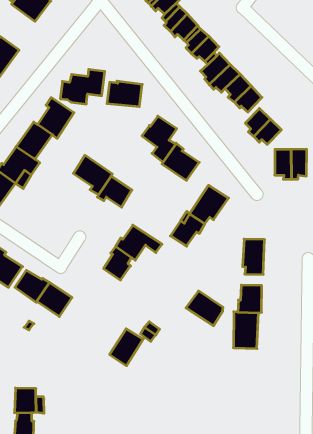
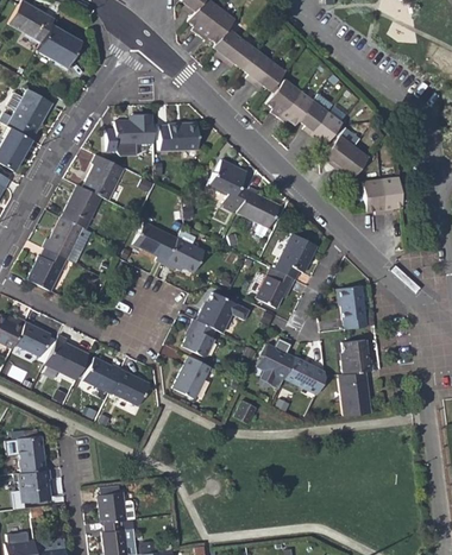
building: none -> [257,336,295,378]
building: [110,329,143,366] -> [171,353,208,396]

